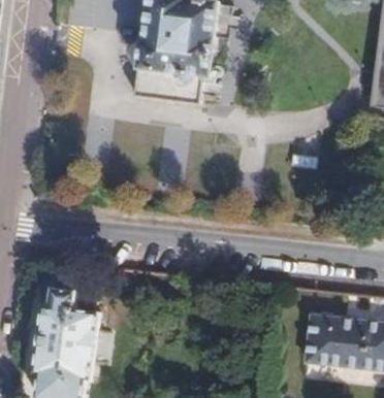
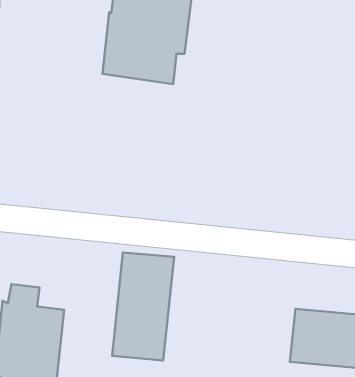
building: none -> [112,252,174,360]

